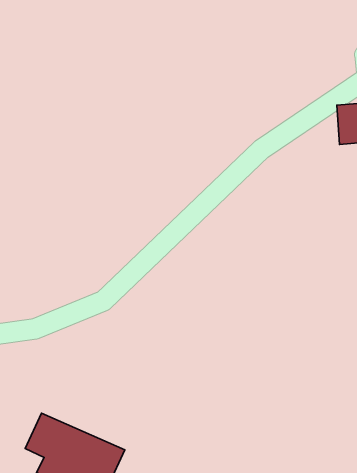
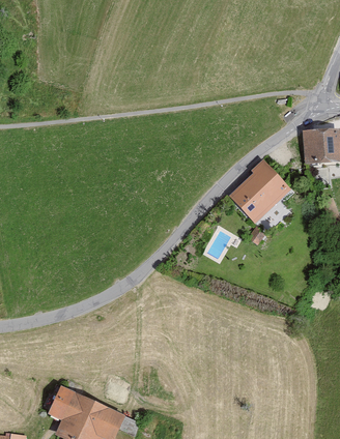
building: none -> [229,164,288,222]

